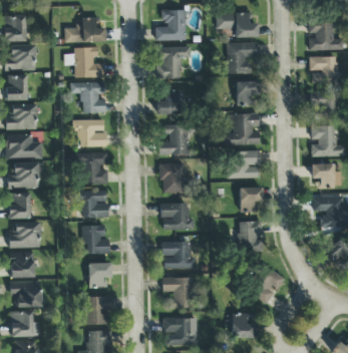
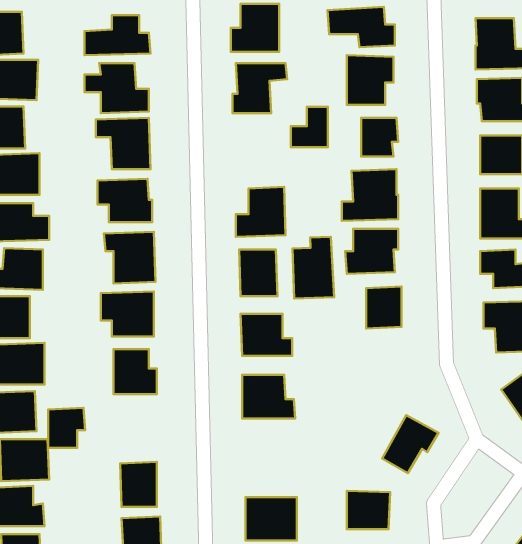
building: [155,89,179,114] -> [291,107,328,147]
building: none -> [293,237,334,298]
building: [238,221,263,250] -> none
building: [88,263,111,288] -> [48,408,85,448]
building: [162,277,193,308] -> none

